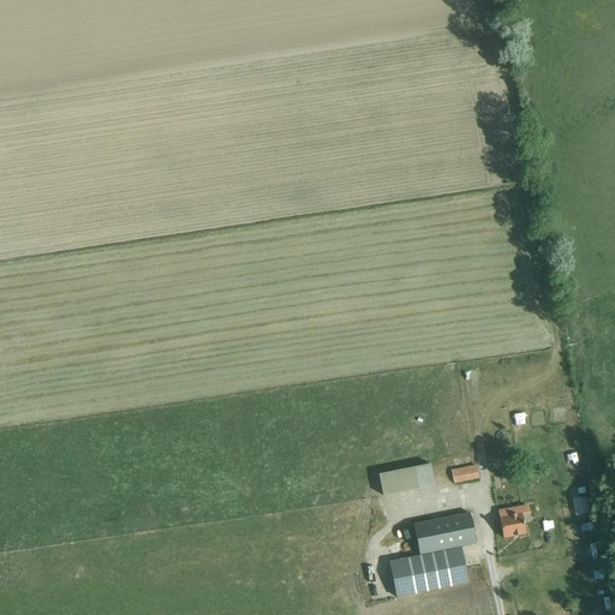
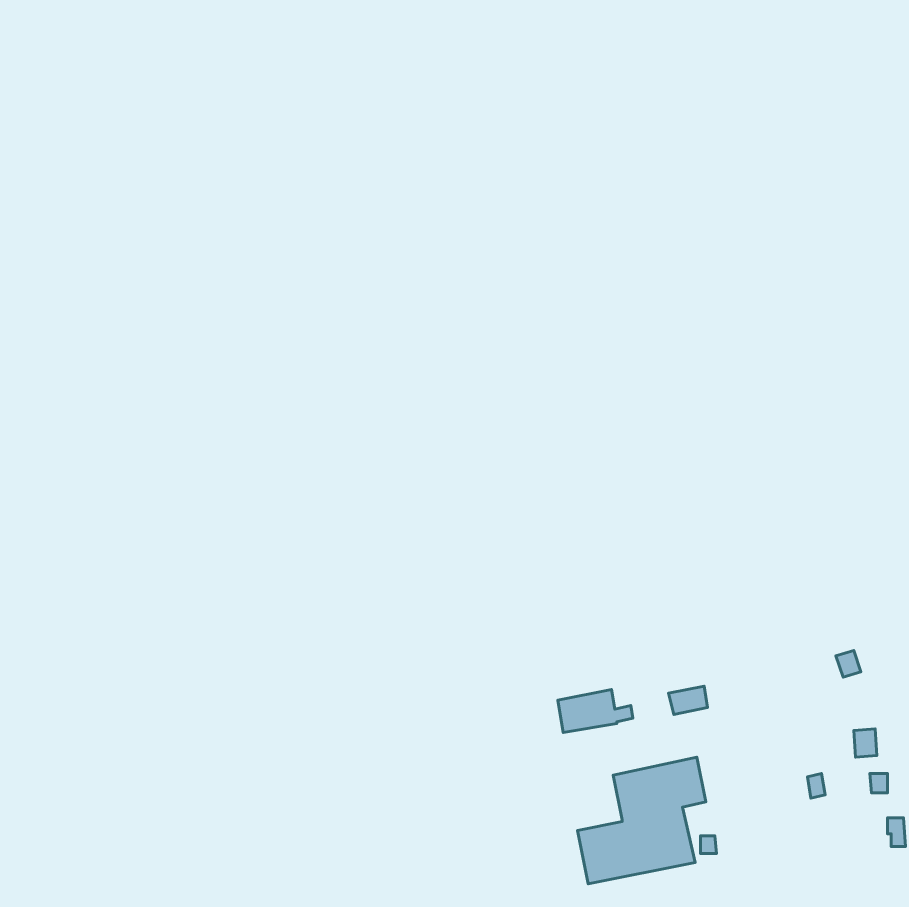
building: [500,503,531,536] -> none

